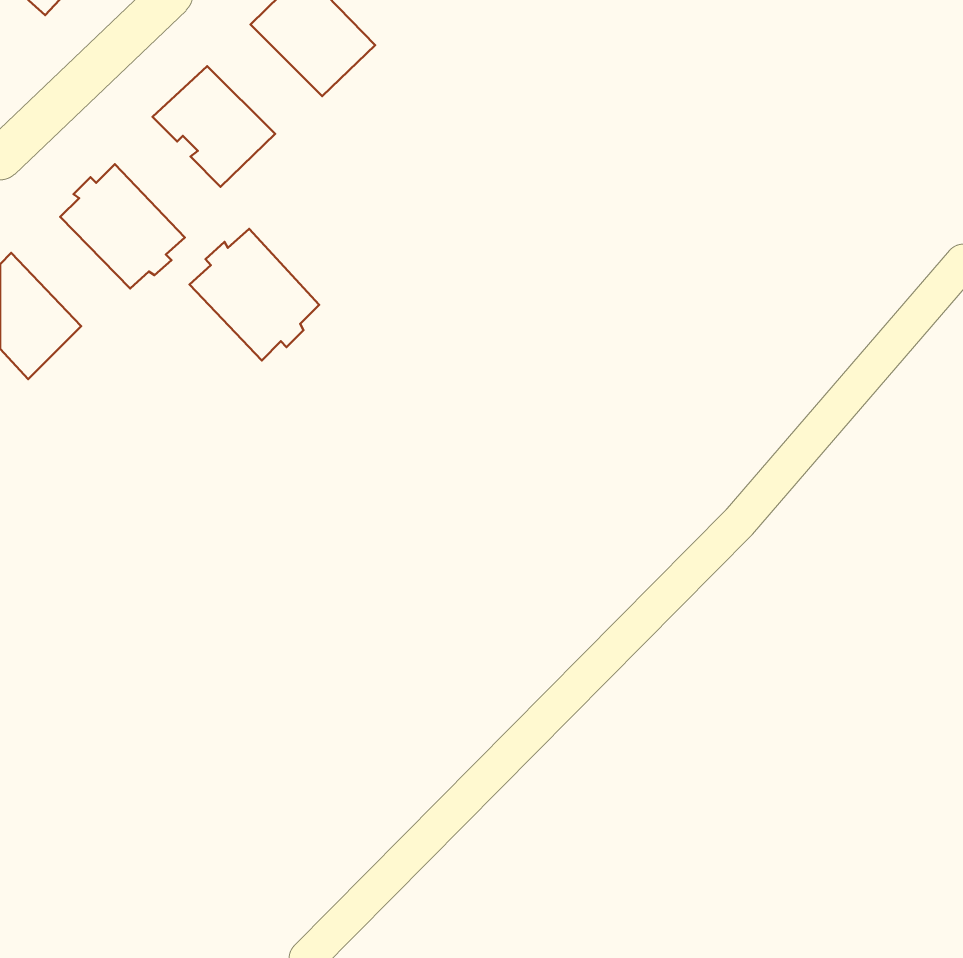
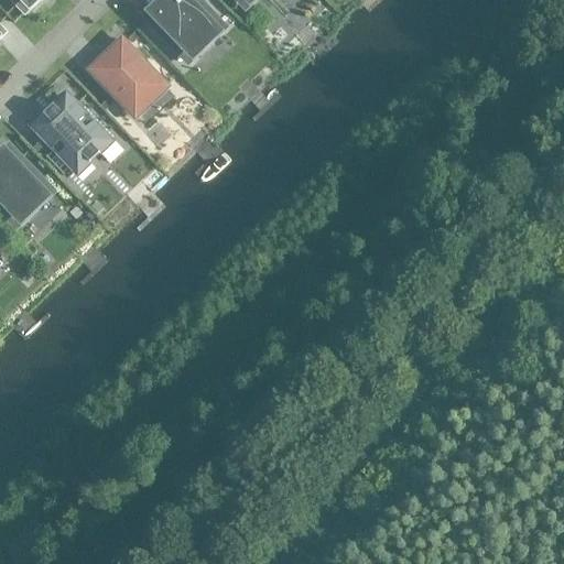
building: [190,229,319,360] -> none

